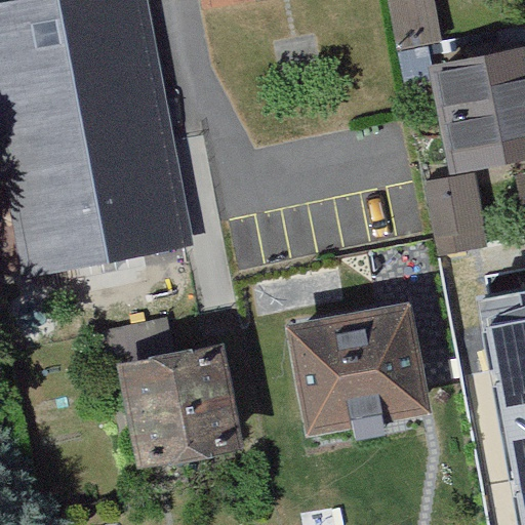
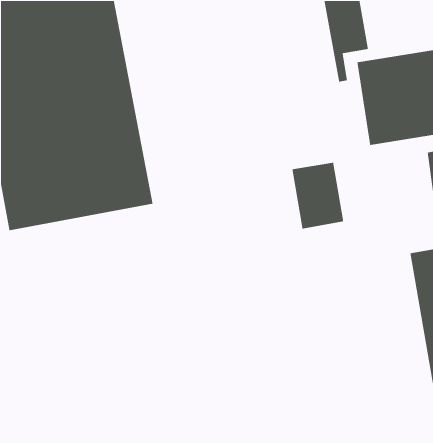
building: [436,172,498,252] -> [291,162,344,230]
building: [280,296,428,433] -> none
building: [117,344,244,474] -> none

